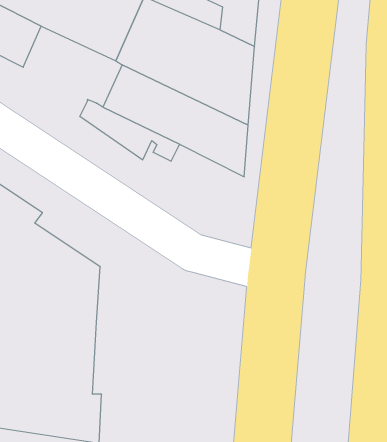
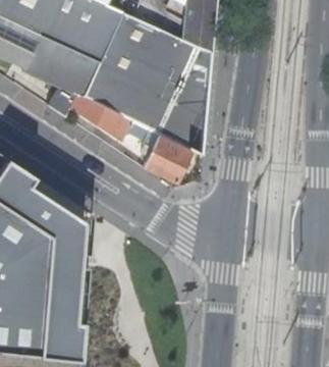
building: none -> [23,36,99,97]
building: none -> [142,136,190,183]

